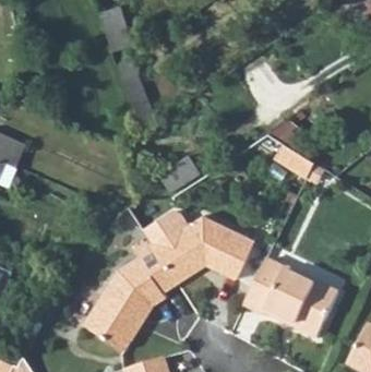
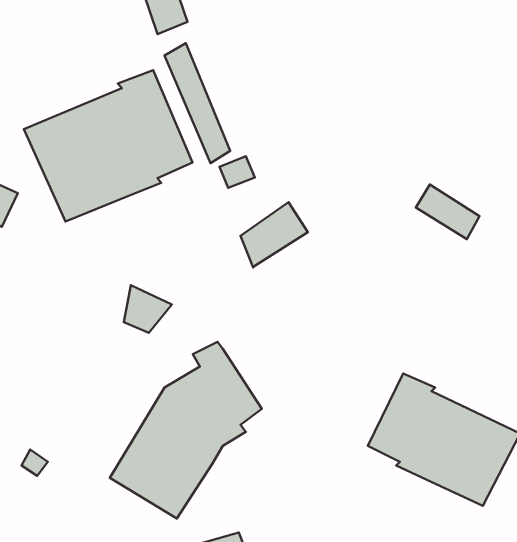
building: none -> [24,70,193,222]
building: [153,215,252,281] -> none

